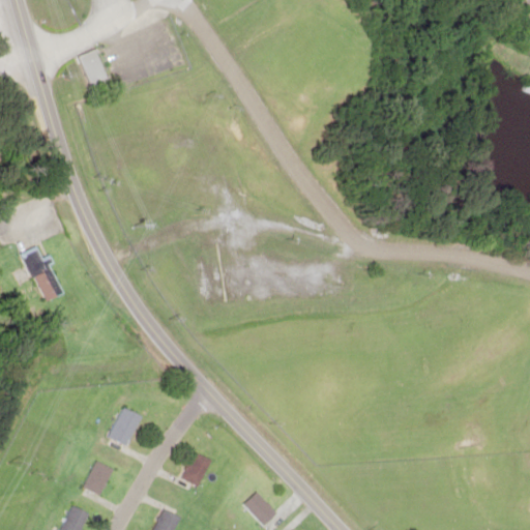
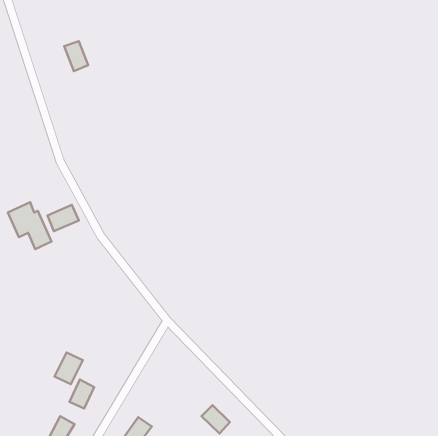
building: none -> [47,205,79,231]
building: [109,407,143,445] -> [54,353,83,384]
building: [181,451,211,485] -> none

